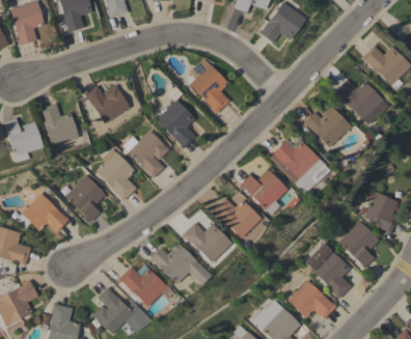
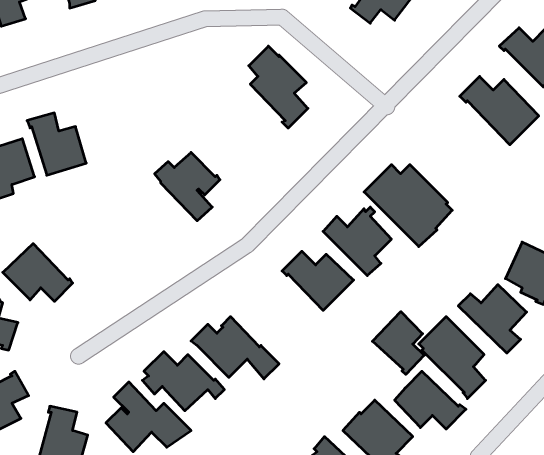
building: [85,84,131,123] -> none
building: [158,100,197,149] -> none
building: [304,107,352,147] -> none
building: [99,148,138,201] -> none
building: [60,175,107,222] -> none
building: [183,222,231,262] -> none
building: none -> [372,312,424,374]

